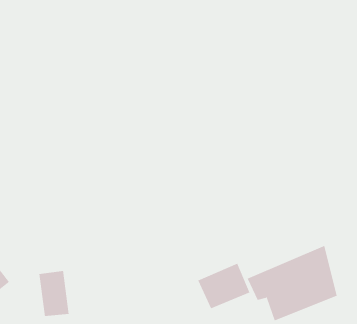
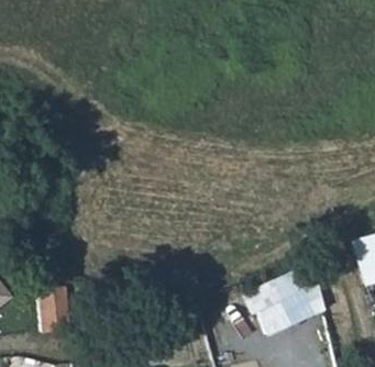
building: [198,263,250,309] -> none

